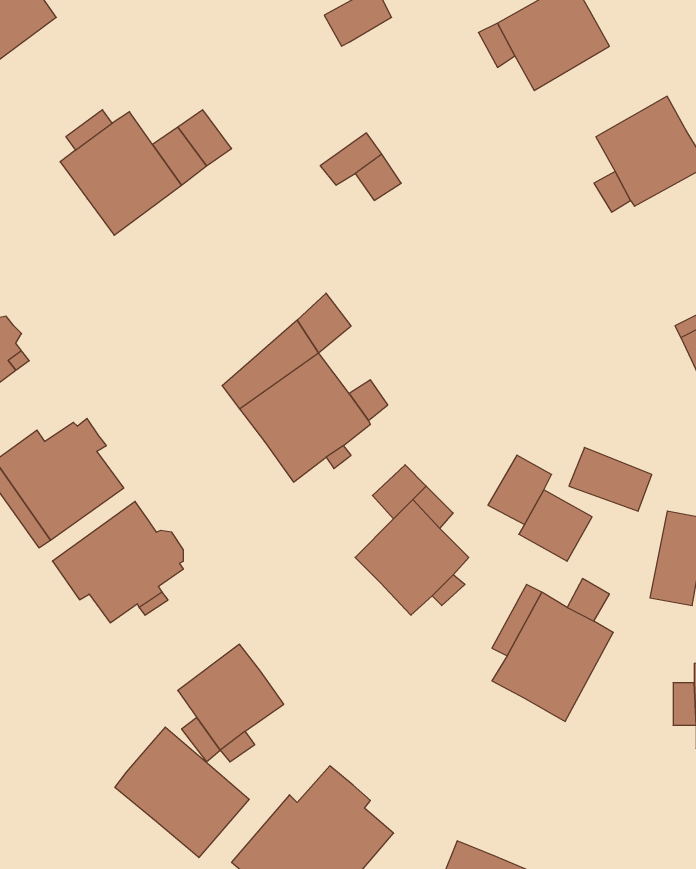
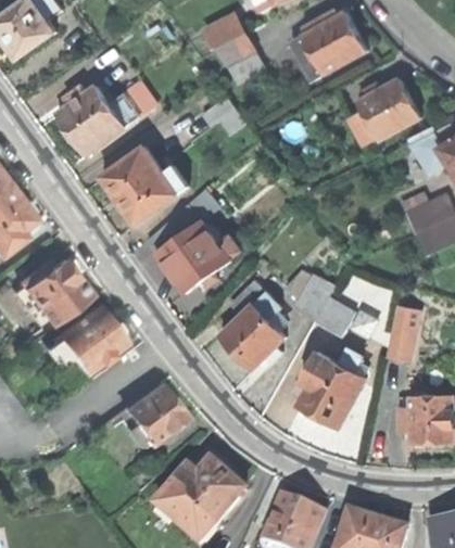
building: none -> [219,31,263,80]
building: none -> [103,145,189,222]
building: [115,727,249,858] -> none

